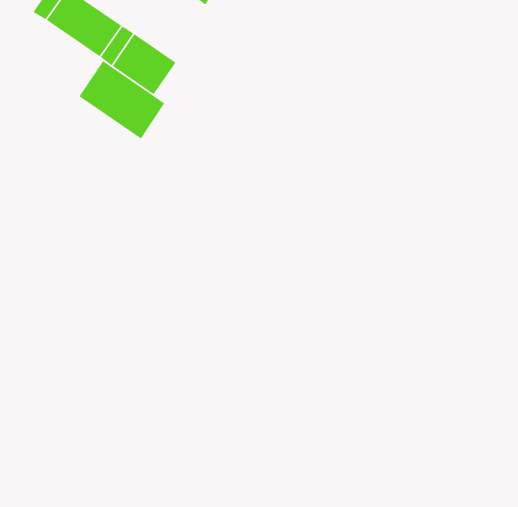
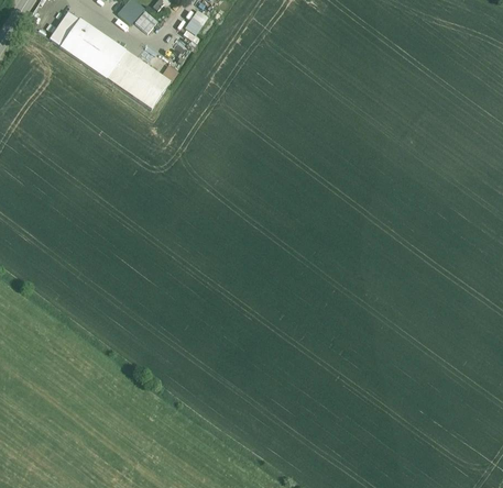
building: [79,60,165,139] -> none

